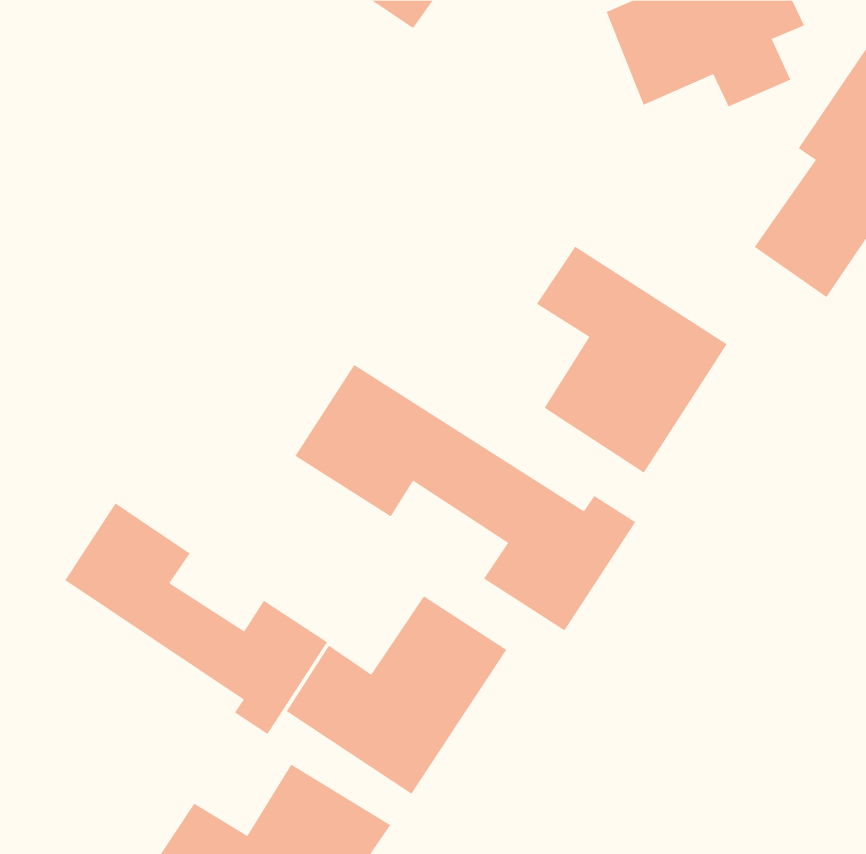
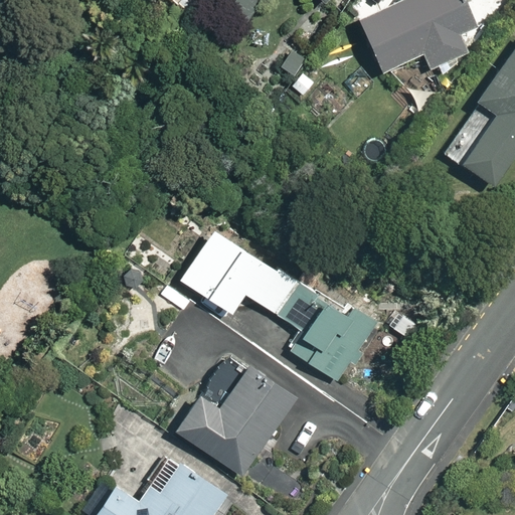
building: [536,246,728,473] -> none
building: [64,503,328,735] -> none

